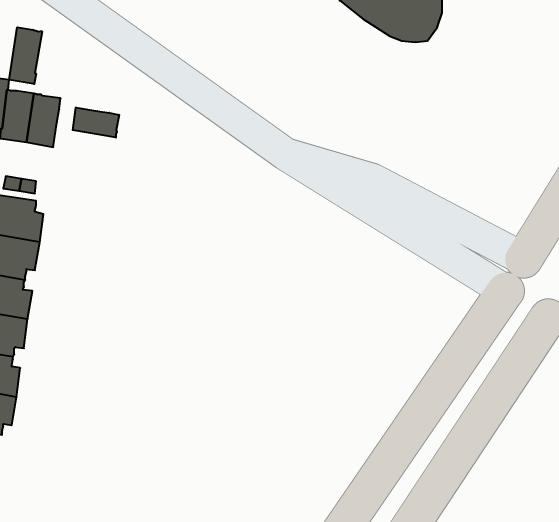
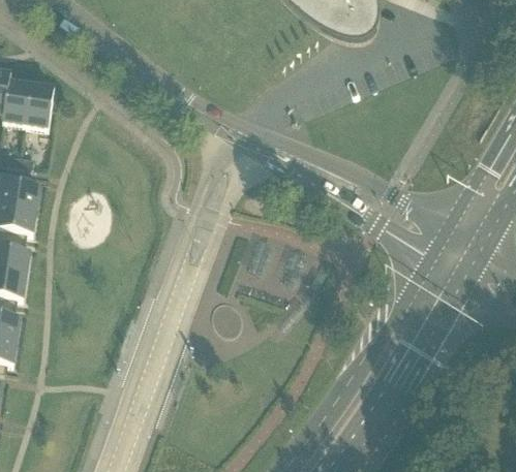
building: [9,27,42,84] -> none
building: [73,107,119,138] -> none

